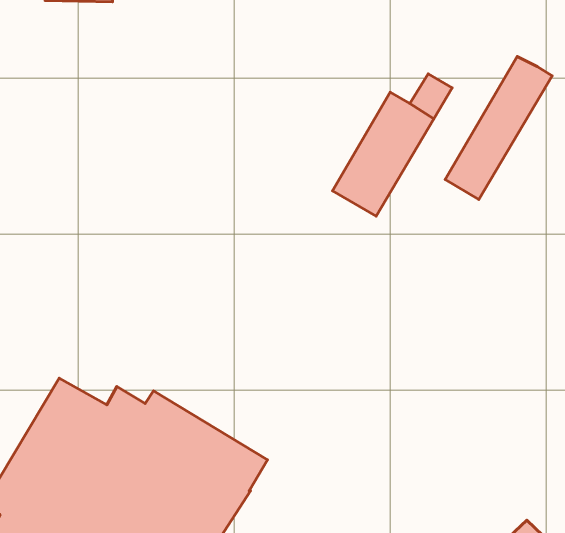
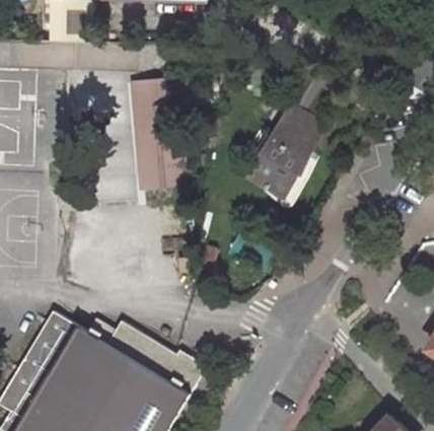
building: none -> [130,79,185,189]
building: [445,57,552,200] -> none

